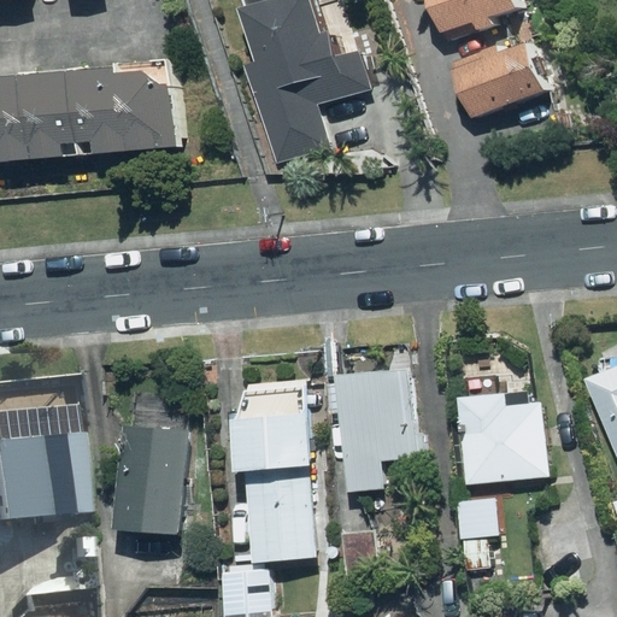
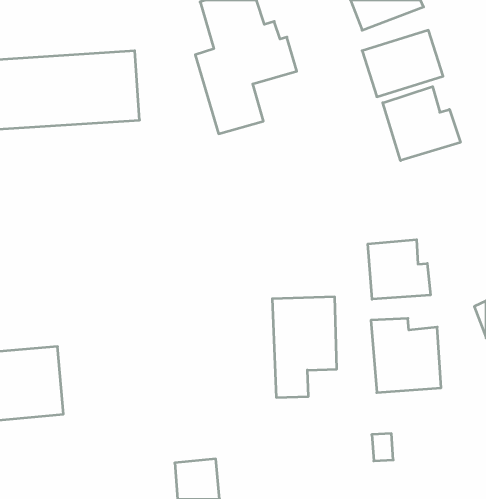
building: none -> [383,87,460,161]
building: none -> [368,240,430,299]
building: [240,381,316,559] -> none
building: [116,422,188,533] -> none

